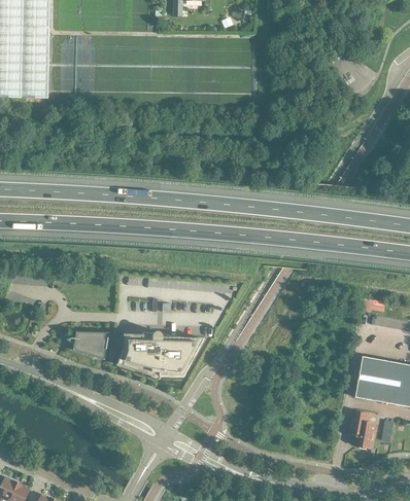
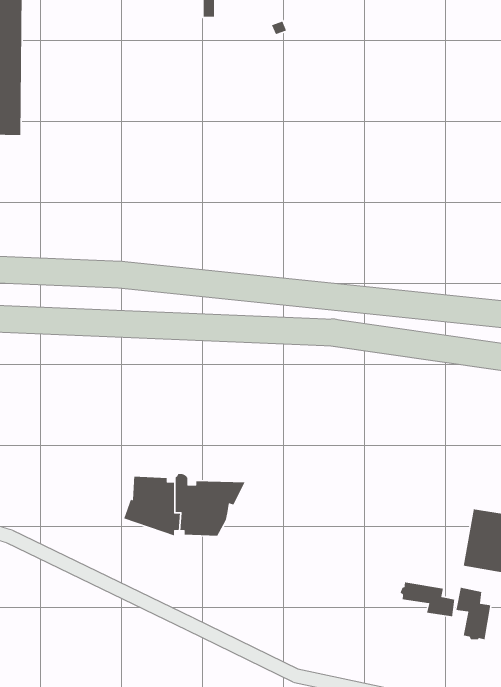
building: [67,330,110,359] -> none
building: none -> [399,581,455,617]

